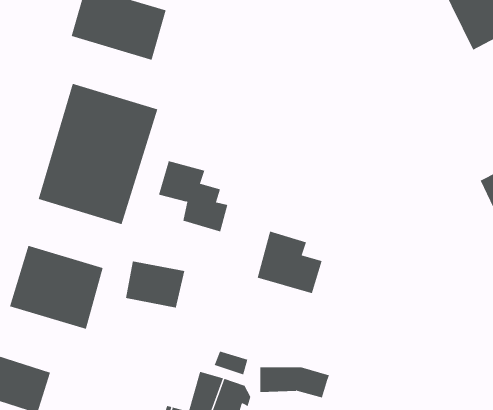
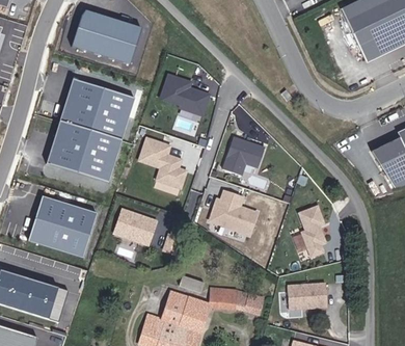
building: none -> [158,72,210,113]
building: none -> [221,134,264,175]
building: none -> [295,204,332,258]
building: none -> [286,280,330,310]

